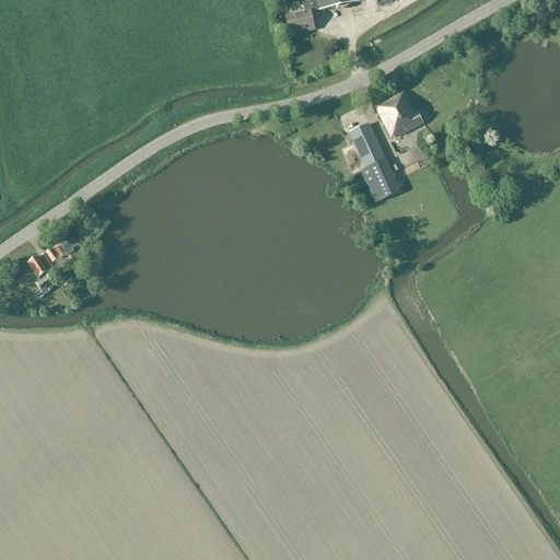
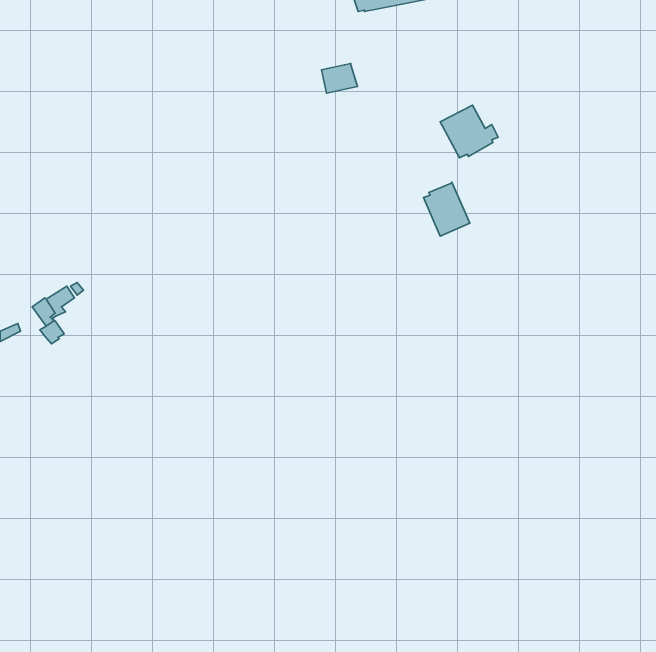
building: [285,9,316,34] -> [321,64,357,93]
building: [350,122,384,164] -> none

